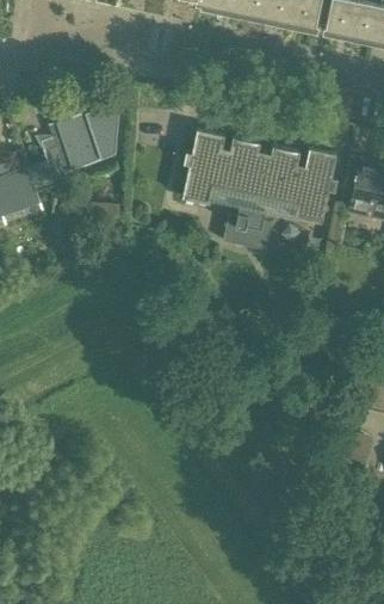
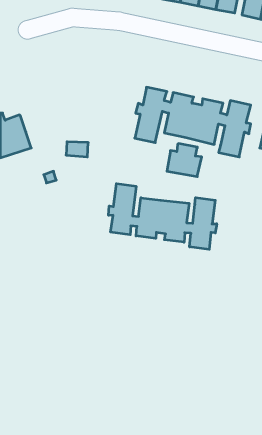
building: [30,110,119,190] -> none
building: none -> [109,184,217,249]

